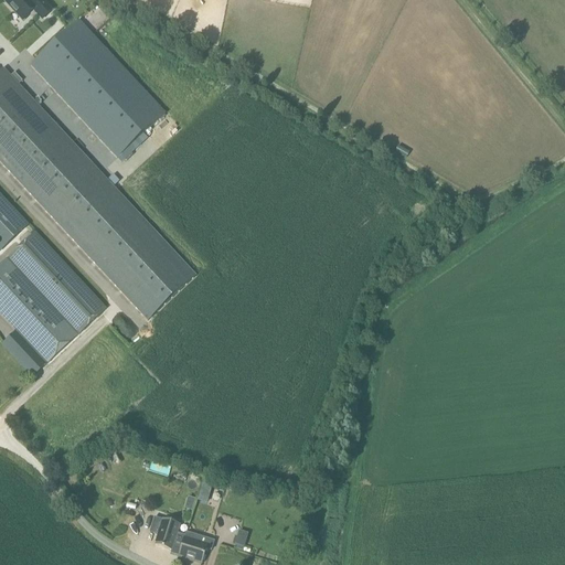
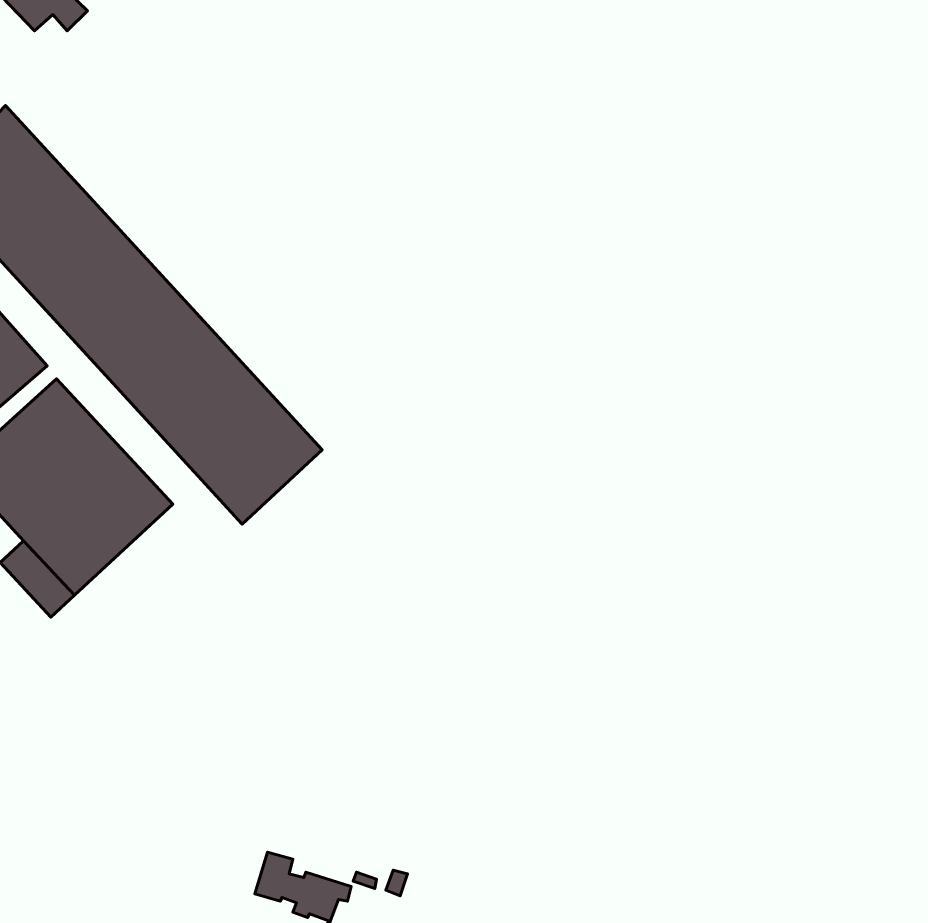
building: [30,17,164,154] -> none

